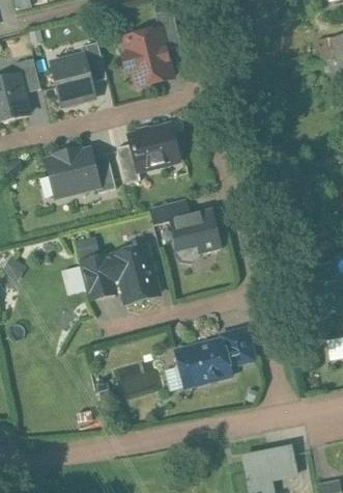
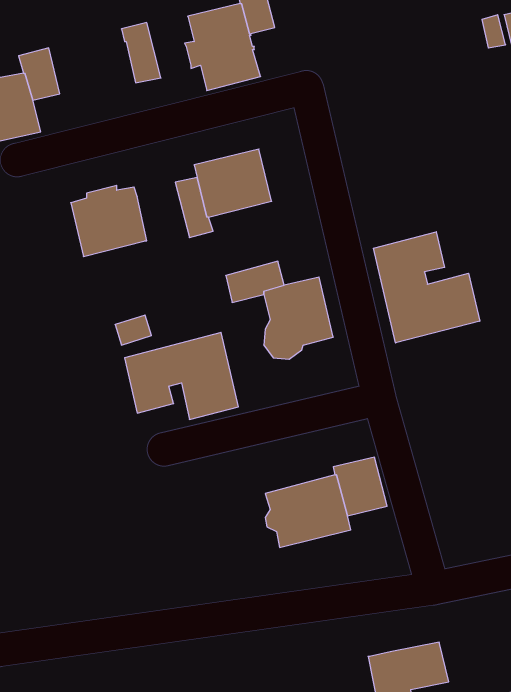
building: [51,54,94,105] -> none
building: [91,152,116,192] -> none
building: none -> [374,232,480,343]

